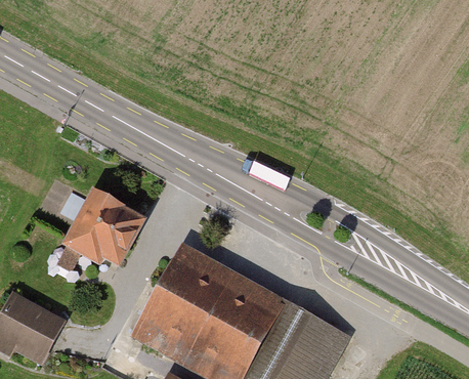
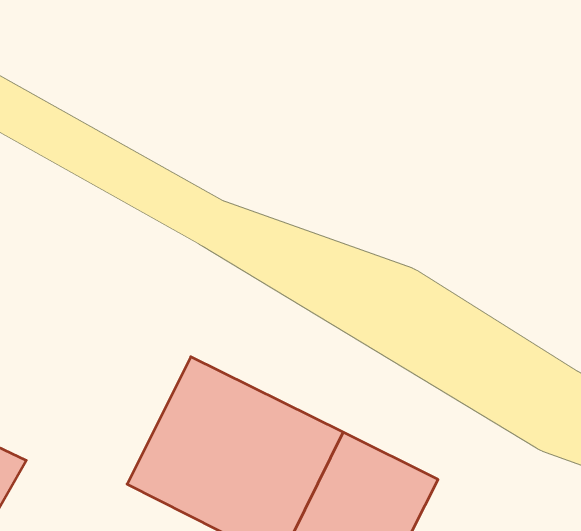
building: [61,191,143,272] -> none

